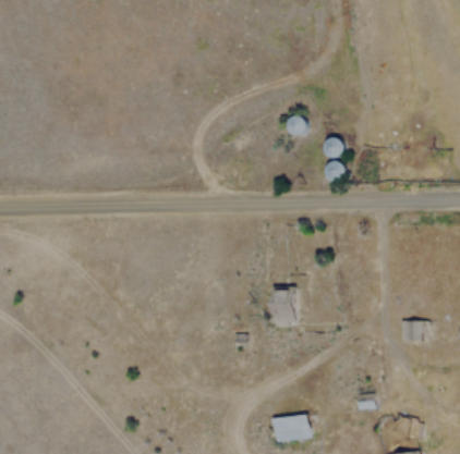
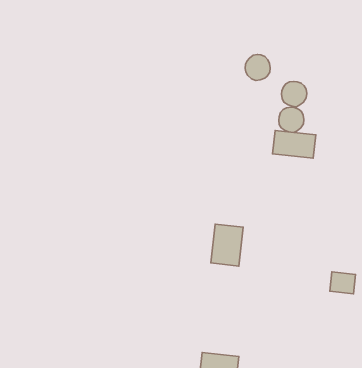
building: none -> [273,131,316,158]

